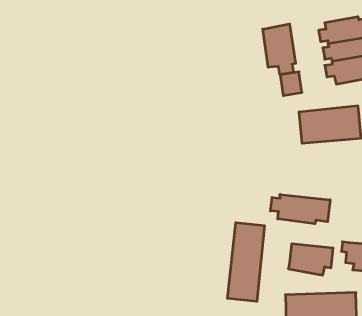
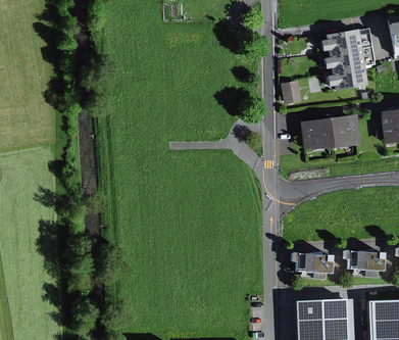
building: [263,24,296,75] -> none
building: [270,194,330,224] -> none
building: [227,223,264,301] -> none

